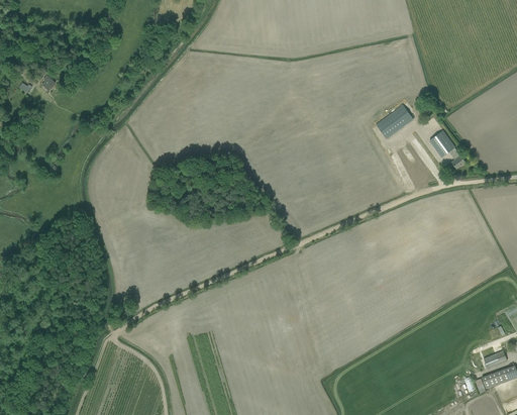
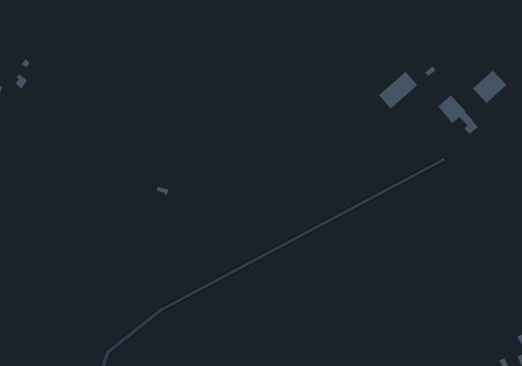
building: none -> [472,70,507,104]

